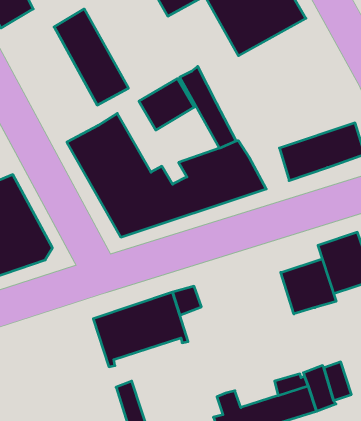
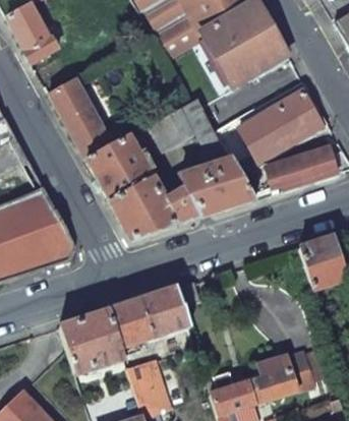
building: [54,9,128,105] -> [49,77,112,159]
building: none -> [238,89,323,160]
building: [281,259,336,314] -> none
building: none -> [59,308,123,373]

